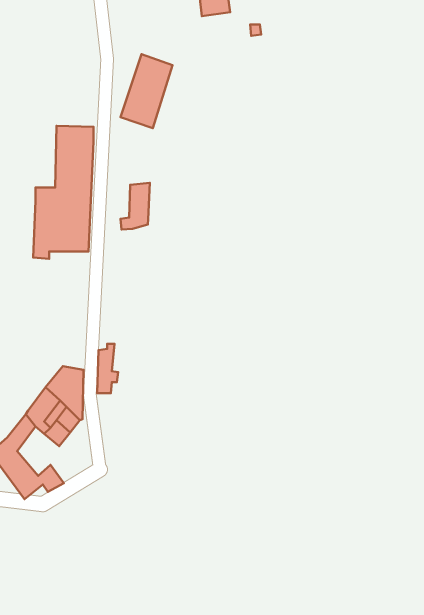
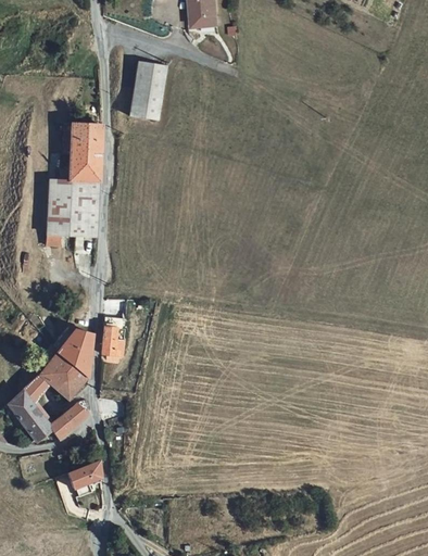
building: [121,183,150,230] -> none
building: none -> [62,401,92,433]
building: none -> [73,460,105,492]

